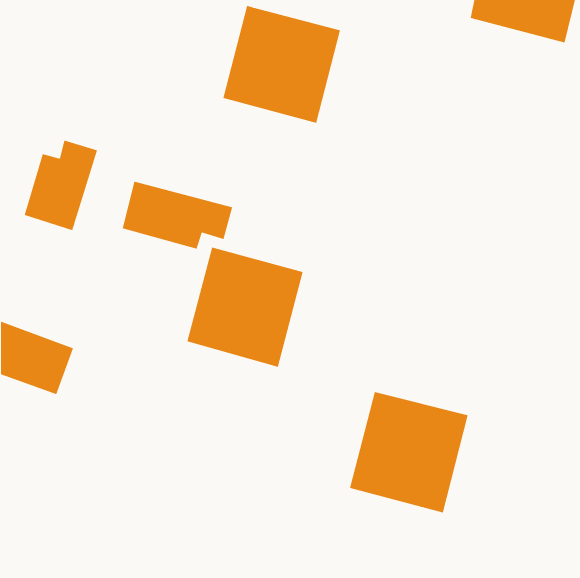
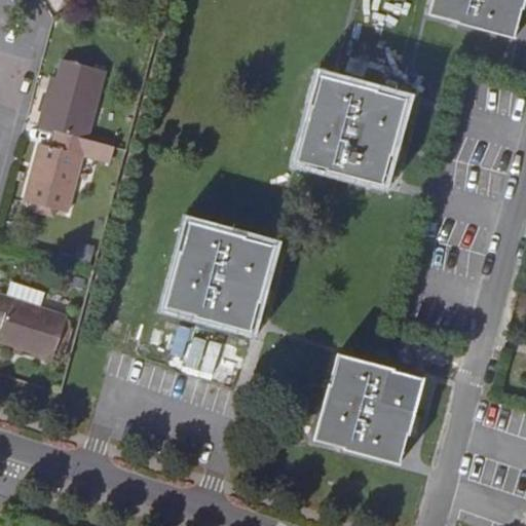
building: [223,5,341,123] -> [297,76,404,183]
building: none -> [39,55,110,136]
building: [122,181,233,249] -> none

